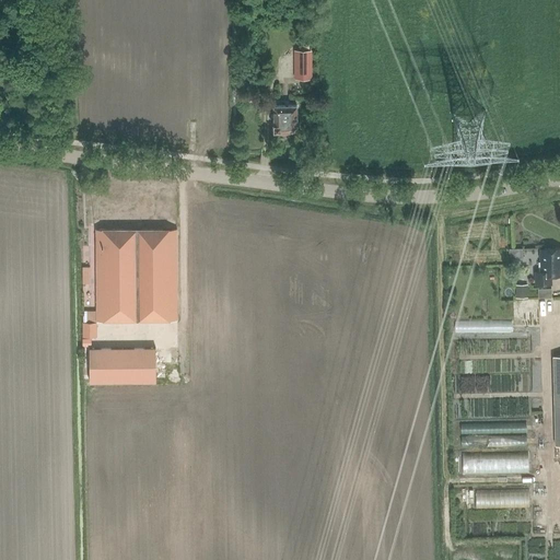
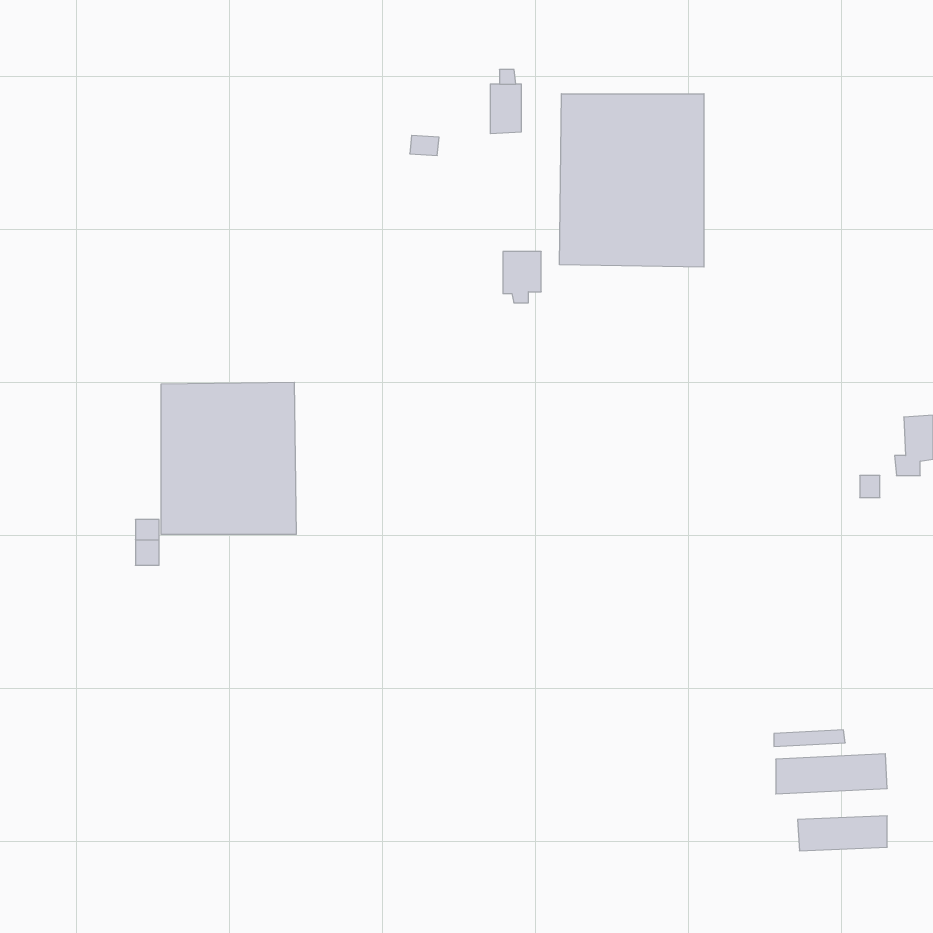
building: none -> [560,94,704,267]
building: [273,107,296,138] -> [503,252,541,303]
building: [88,349,154,384] -> none

